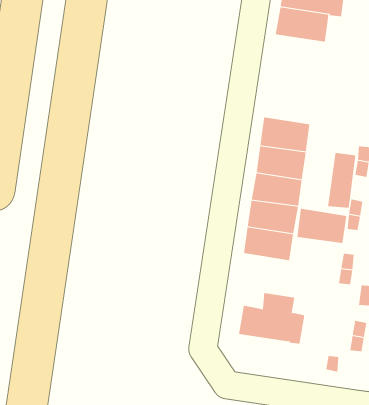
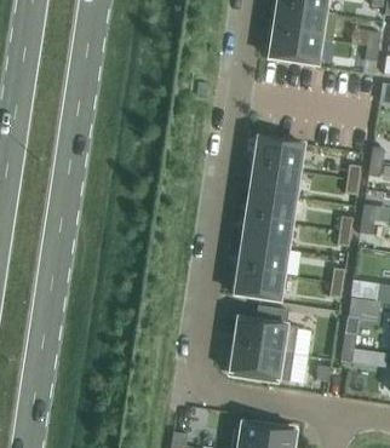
building: [327,152,356,209] -> none
building: [297,208,347,244] -> [235,268,283,301]
building: none -> [230,345,282,381]

